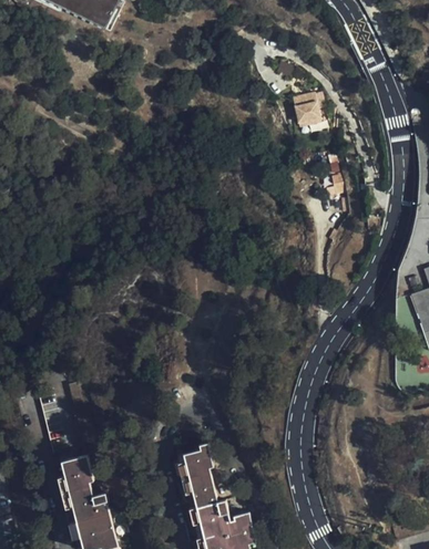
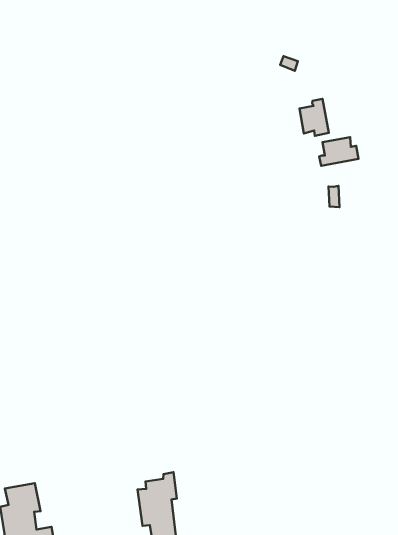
building: none -> [319,137,358,166]

